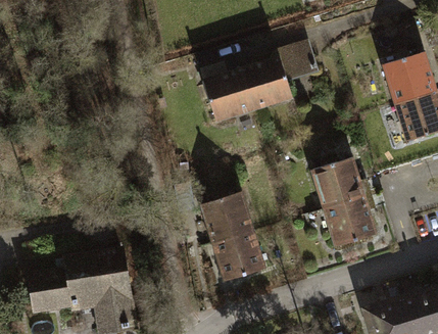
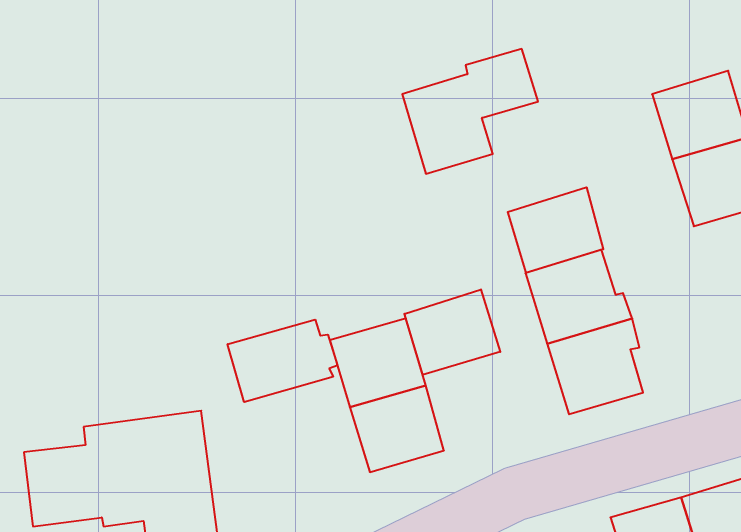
building: [203,66,254,123] -> none
building: none -> [508,187,603,273]
building: none -> [404,289,500,375]
building: none -> [228,320,337,402]

